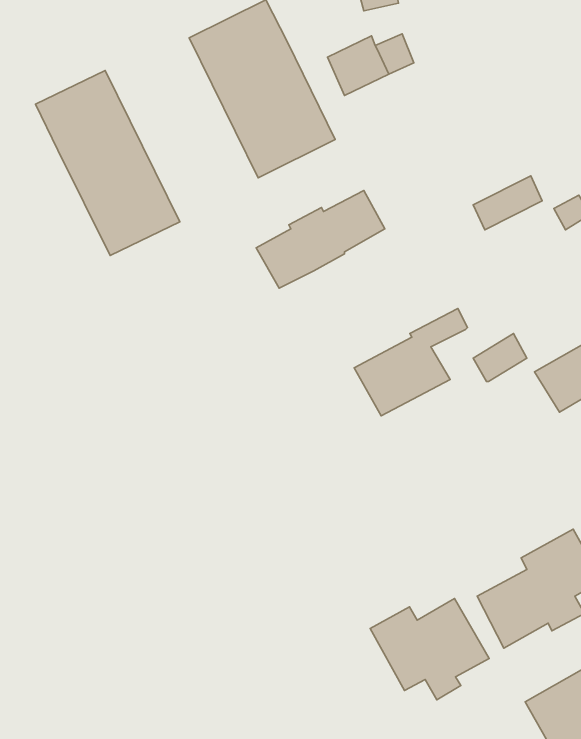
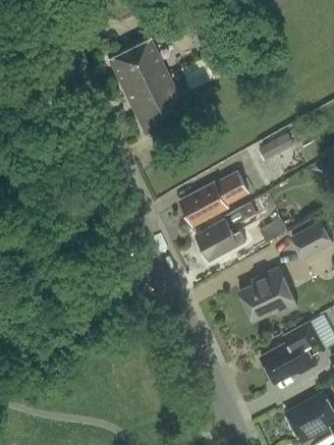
building: [36,70,180,256] -> none
building: [256,190,385,288] -> [179,172,247,224]
building: none -> [239,267,296,321]
building: [370,598,489,700] -> none

